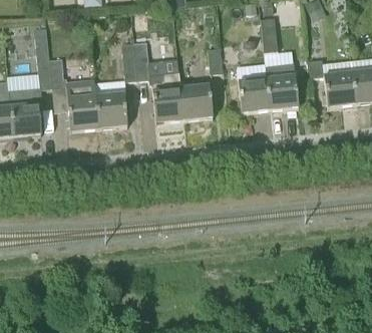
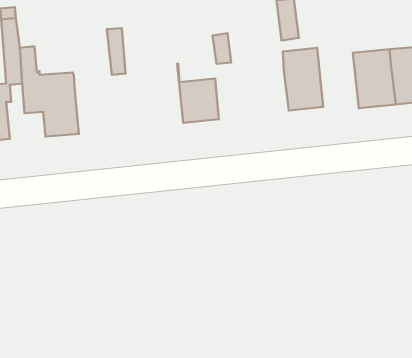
building: [133,40,152,79] -> none
building: [236,61,270,112] -> none
building: [152,71,183,122] -> none
building: [95,91,127,128] -> none

